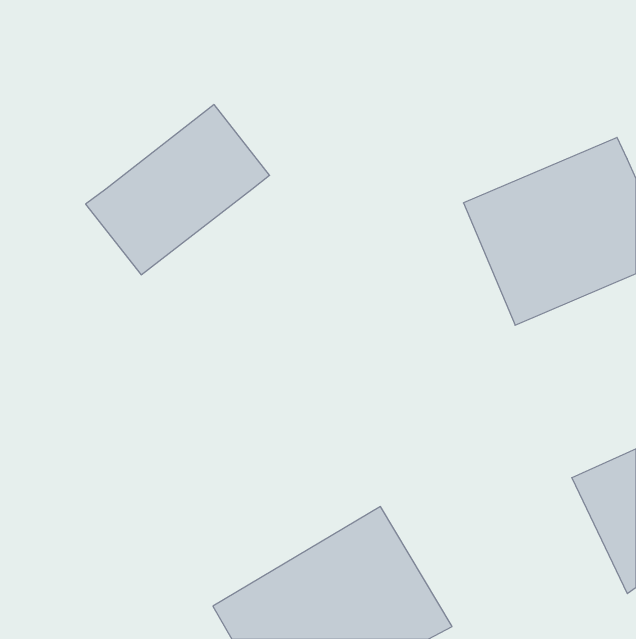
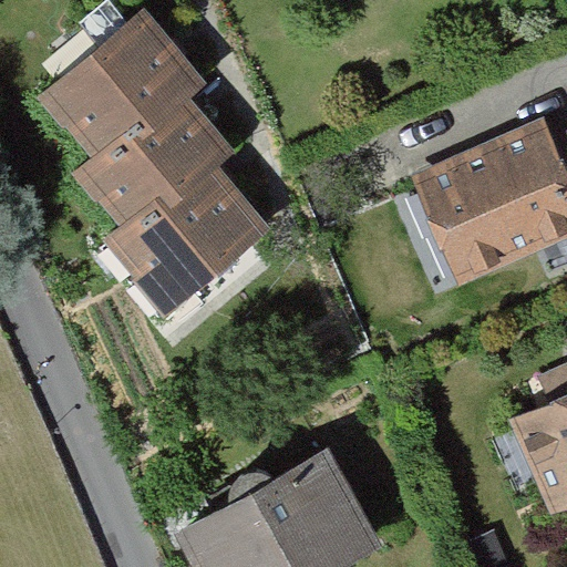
building: none -> [39,10,203,166]
building: none -> [113,166,269,310]

